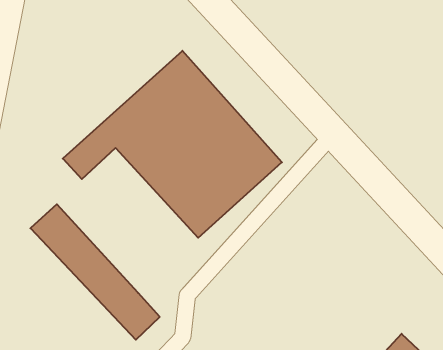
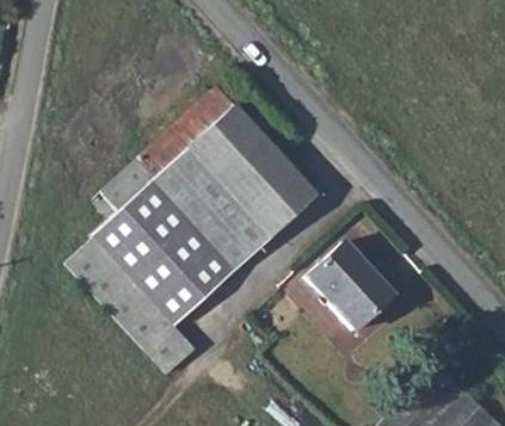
building: none -> [99,187,240,332]
building: none -> [312,247,398,335]

